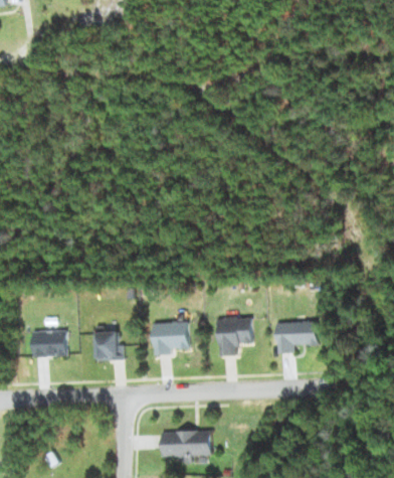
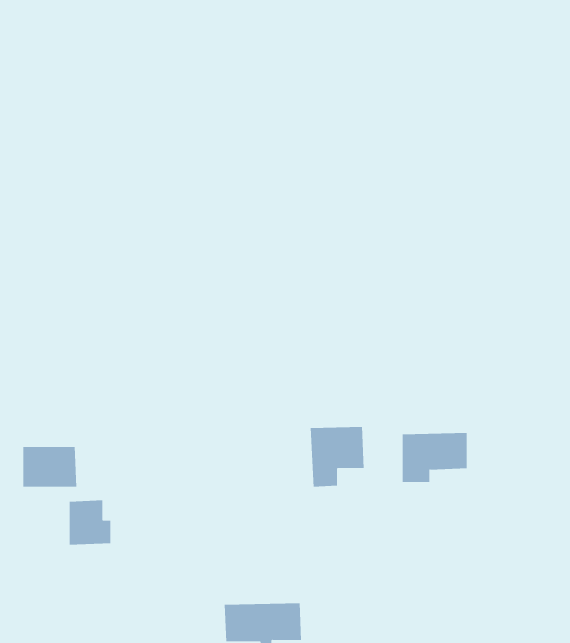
building: [152,321,189,355] -> none
building: [95,331,123,360] -> [69,500,111,545]

